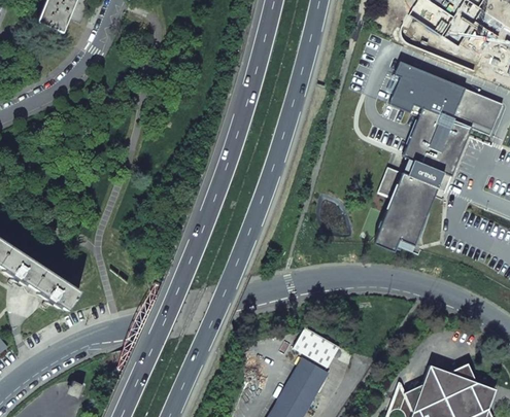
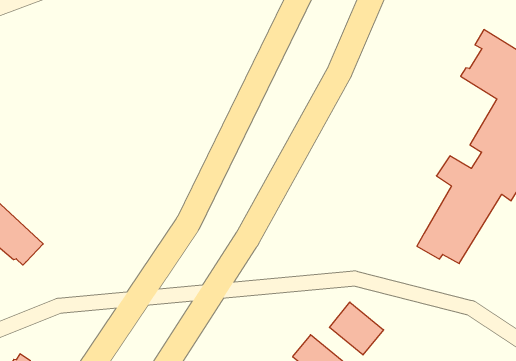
building: none -> [329,302,384,355]

